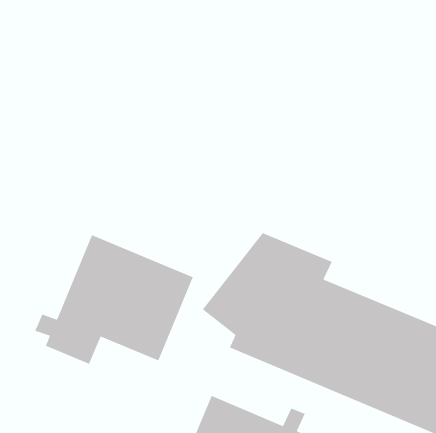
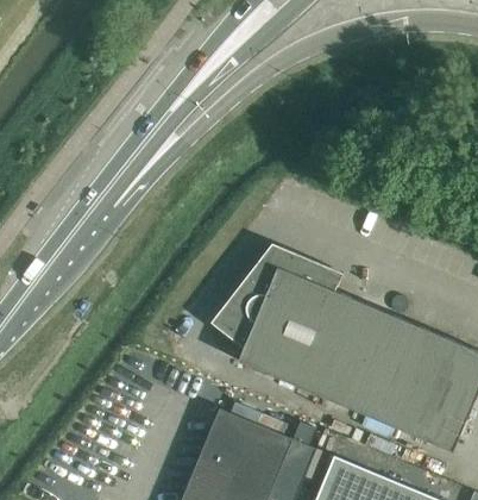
building: [34,234,194,365] -> none

